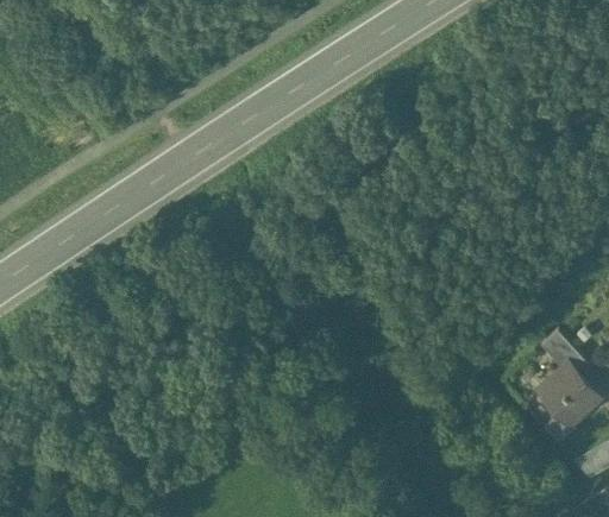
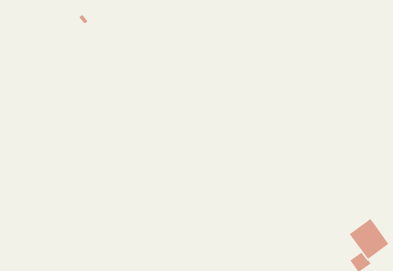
building: [540,329,583,368] -> none

